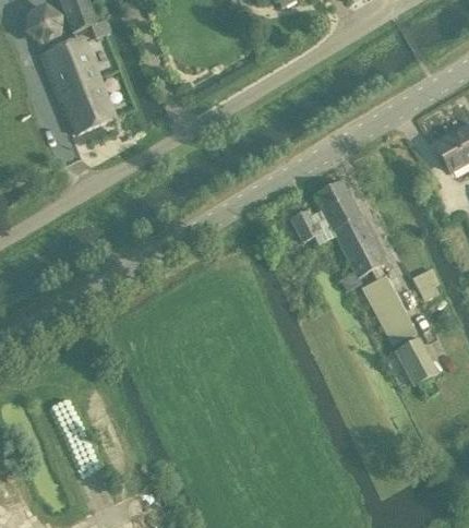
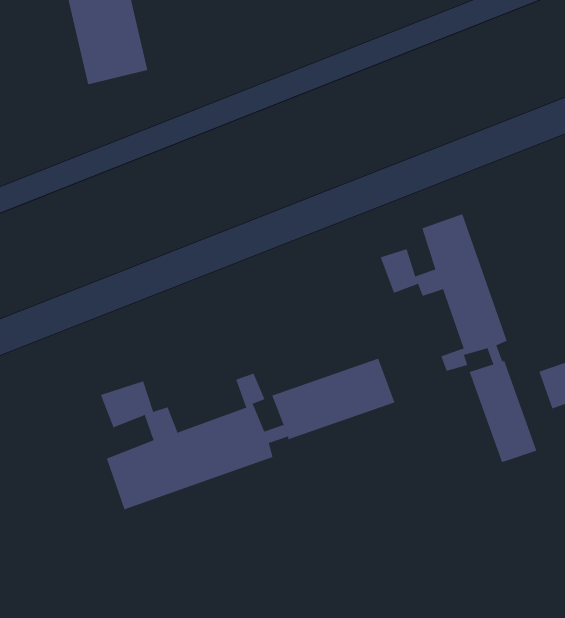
building: none -> [100,358,395,510]
building: [394,338,437,386] -> none

